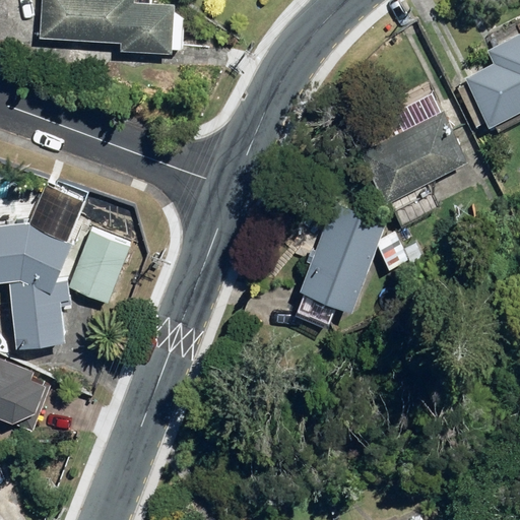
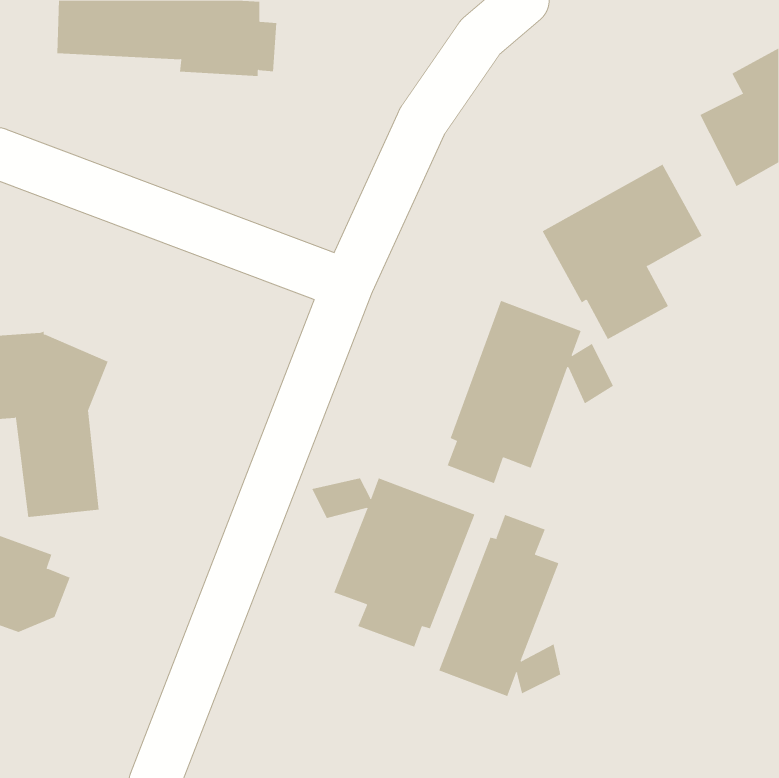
building: [68,231,132,305] -> none
building: none -> [311,478,475,648]
building: none -> [438,514,561,697]

